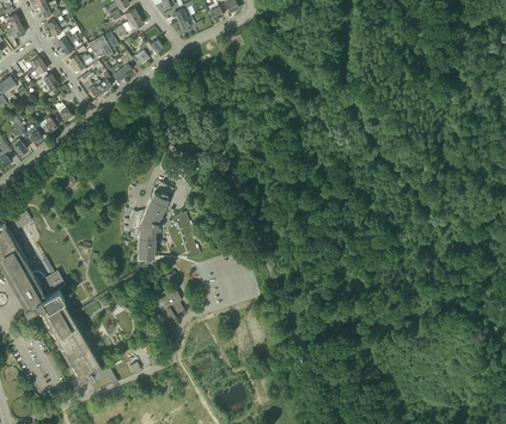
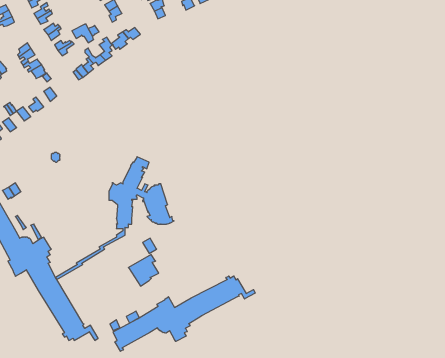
building: none -> [113,276,255,351]

